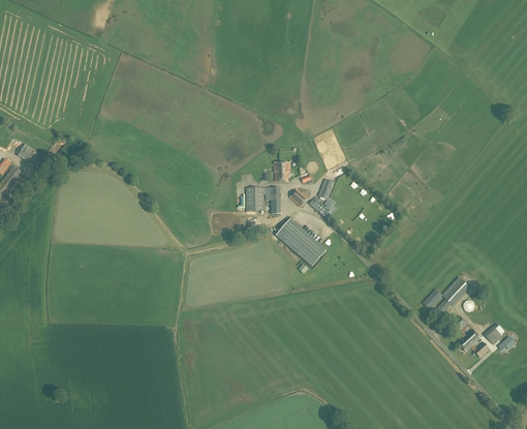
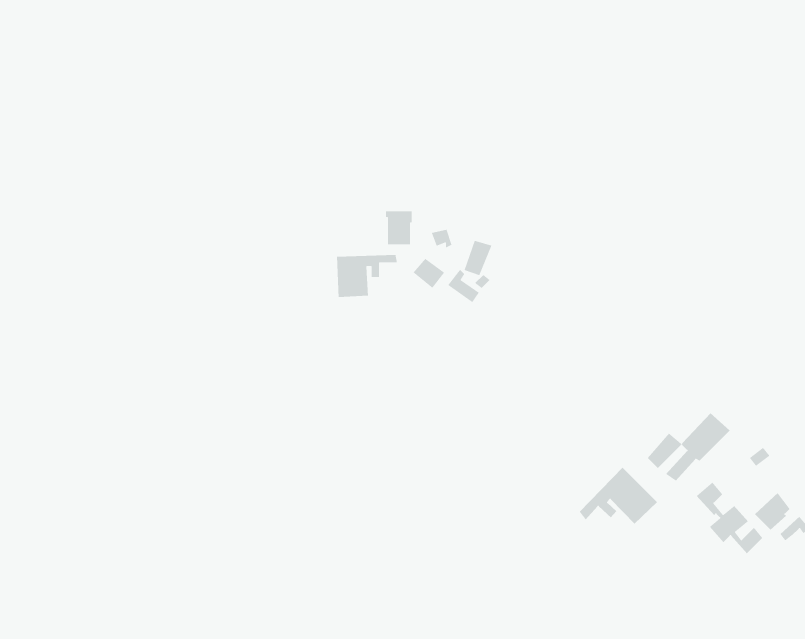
building: [275,218,326,266] -> none
building: none -> [579,467,658,525]

